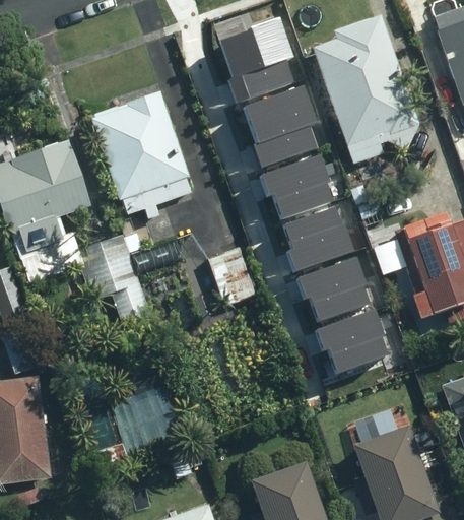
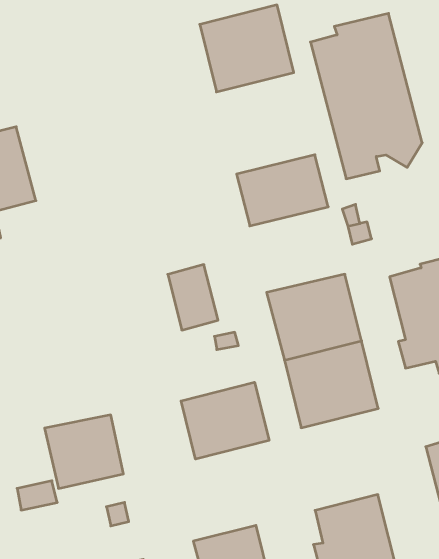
building: [237,73,326,165] -> none
building: [91,92,191,215] -> none
building: [275,186,360,264] -> none
building: [76,234,150,320] -> none
building: none -> [181,382,269,459]

